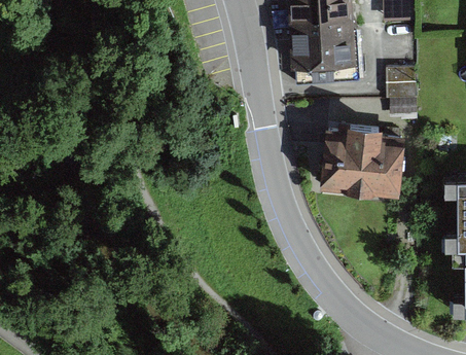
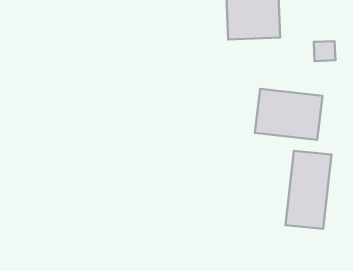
building: none -> [285,151,331,229]

